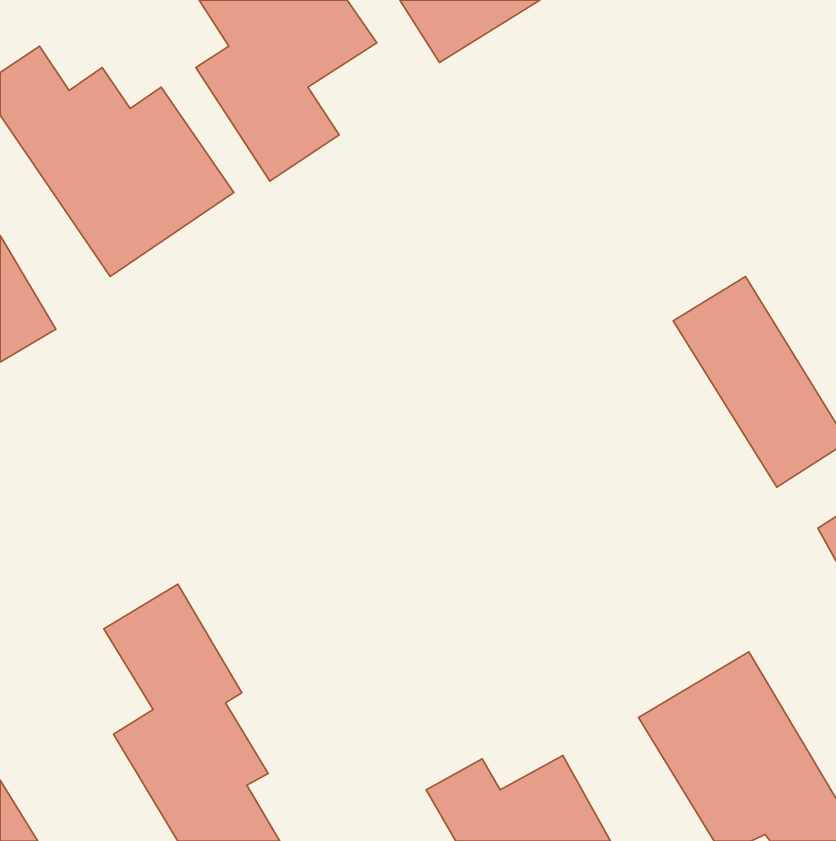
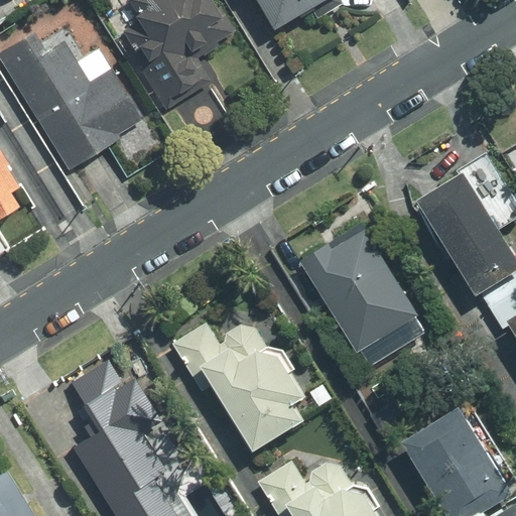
building: none -> [298,222,421,358]
building: none -> [170,313,318,460]

